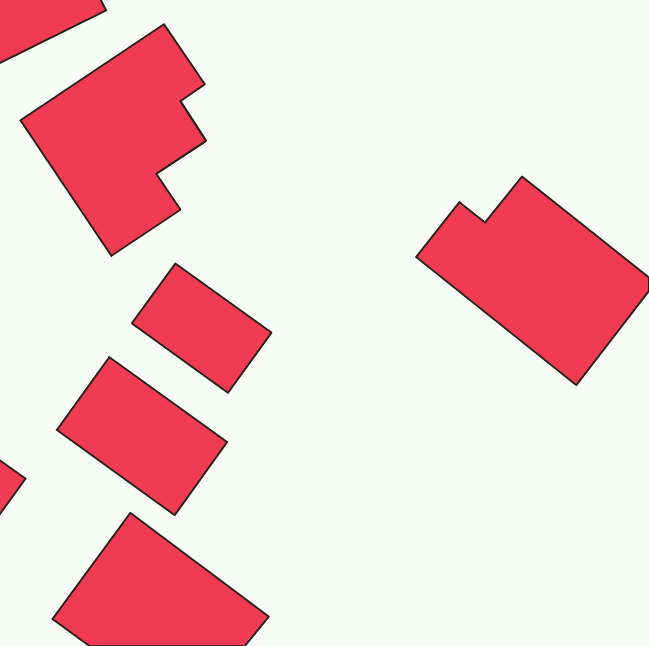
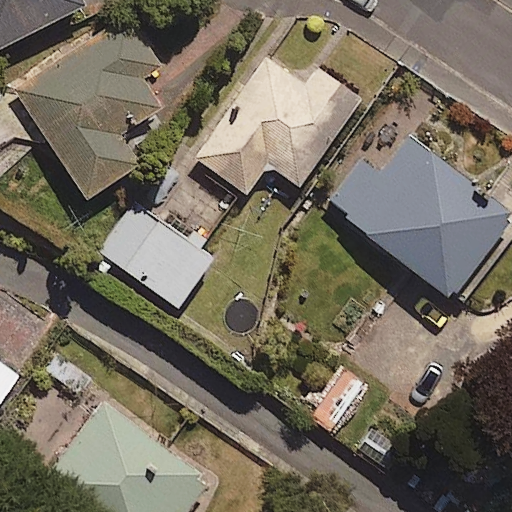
building: none -> [193,52,359,193]
building: [57,357,227,515] -> none

